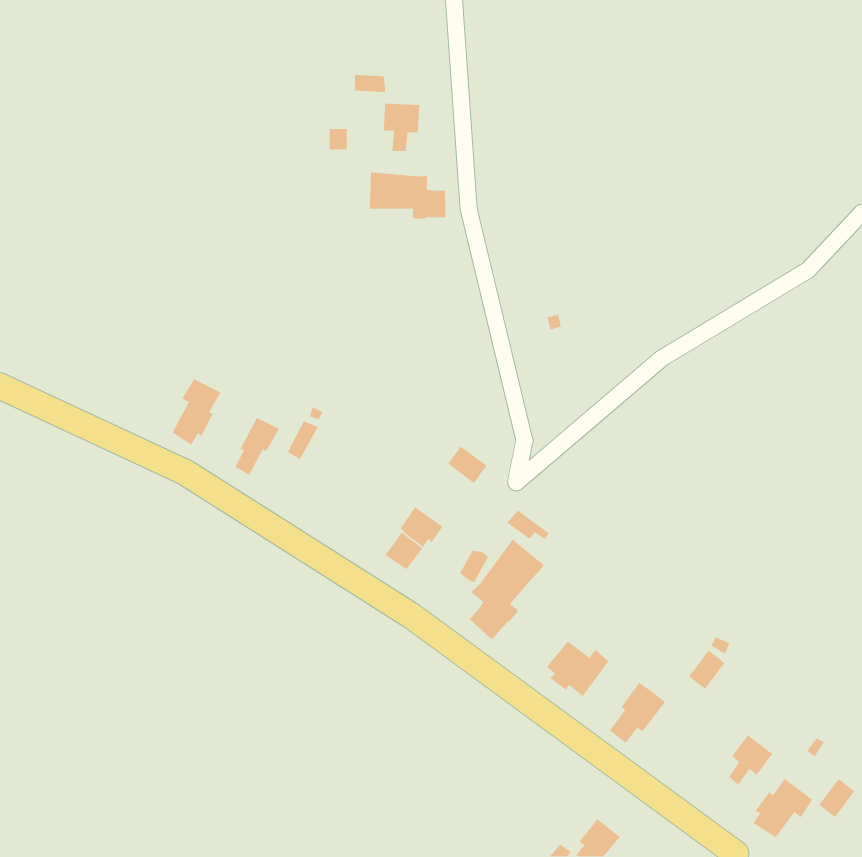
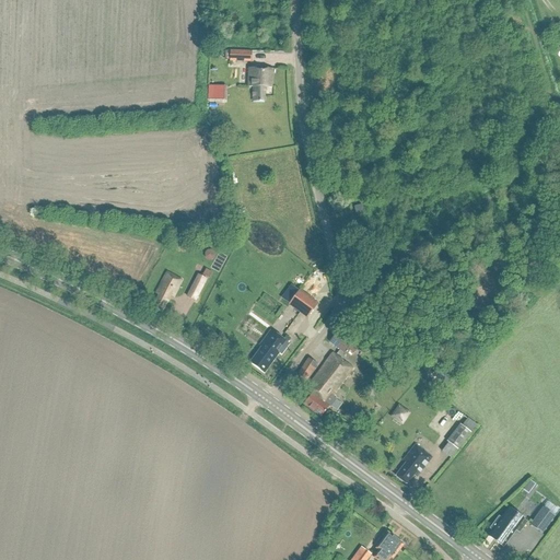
building: [369,172,446,219] -> none
building: [171,378,221,446] -> none
building: [546,640,609,697] -> none
building: [728,734,773,786] -> none

